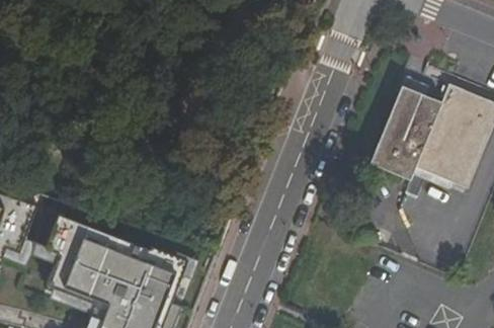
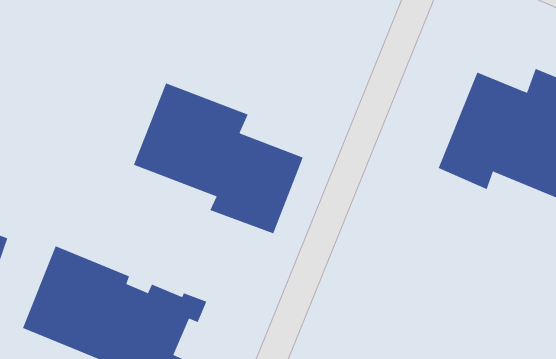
building: none -> [133,82,303,234]

